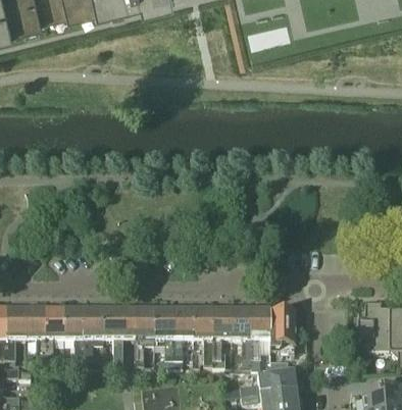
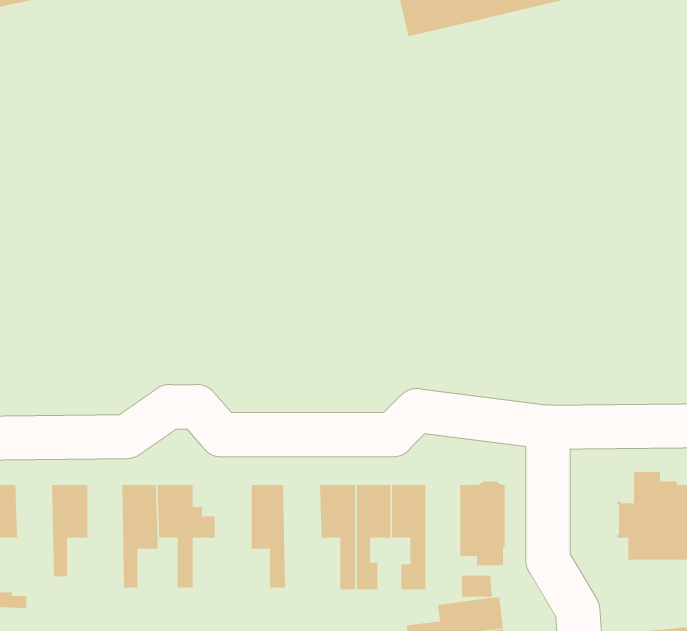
building: [26,306,46,362] -> none
building: [65,306,85,363] -> none
building: [123,306,155,363] -> none
building: [173,306,194,362] -> none
building: [252,306,270,367] -> none

